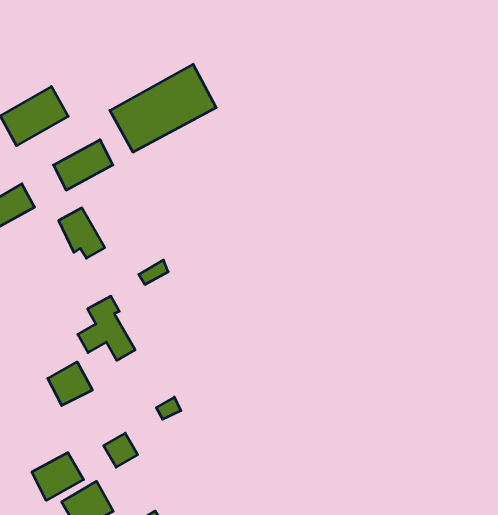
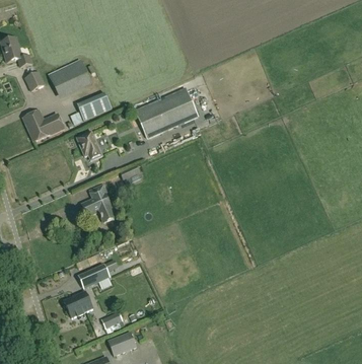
building: [110,64,216,152] -> [136,90,198,138]
building: [48,362,92,406] -> none
building: [32,453,84,500] -> none

